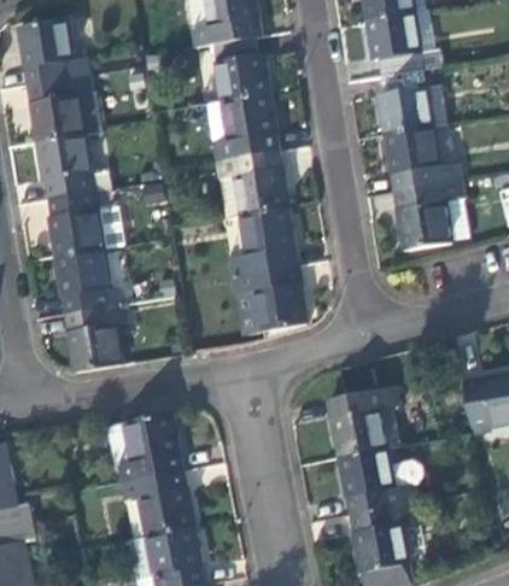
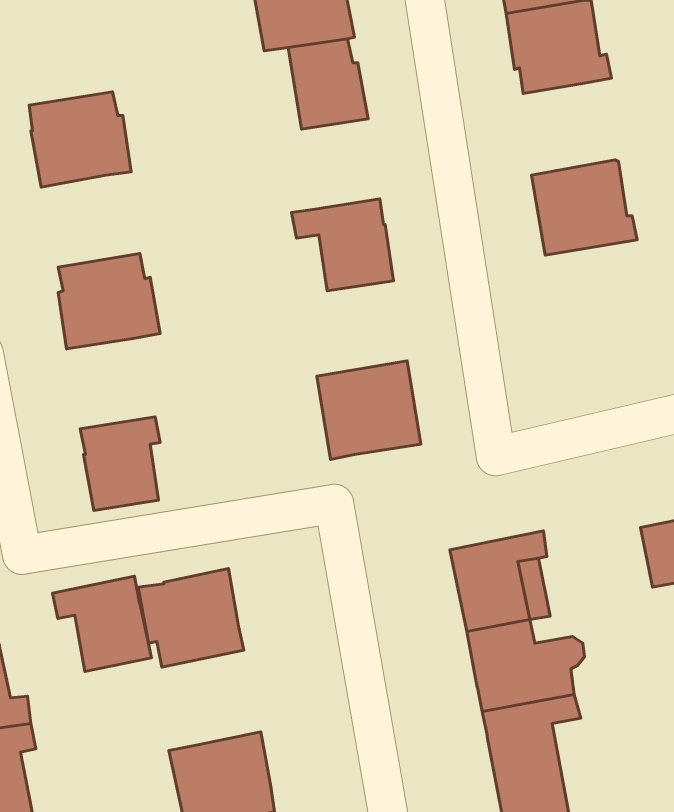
building: [17,19,87,84] -> none
building: [378,69,443,134] -> none
building: [206,94,276,160] -> none
building: [36,134,106,199] -> none
building: [393,180,468,250] -> none
building: [228,209,296,276] -> none
building: [54,250,117,313] -> none
building: [122,470,192,538] -> [53,576,151,671]

